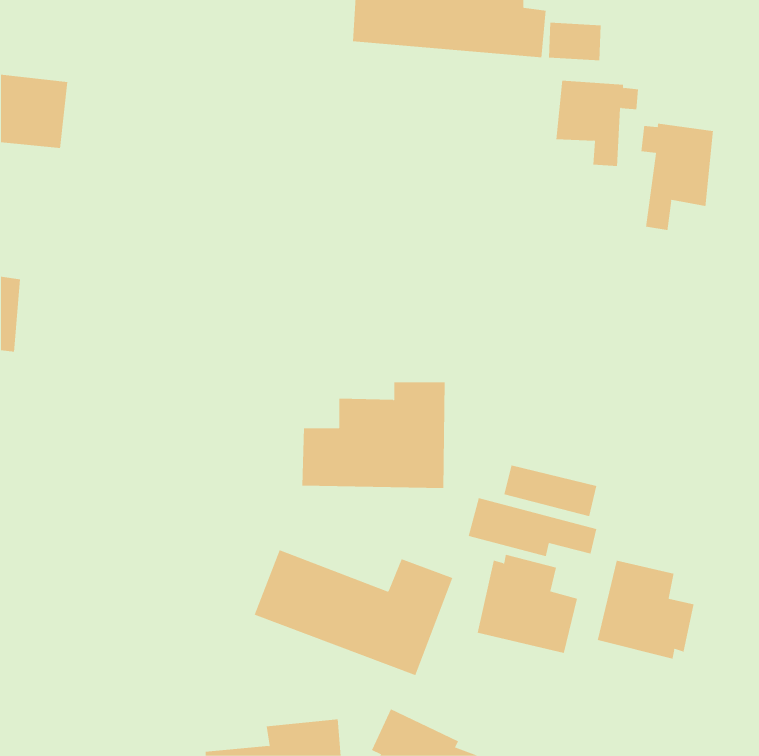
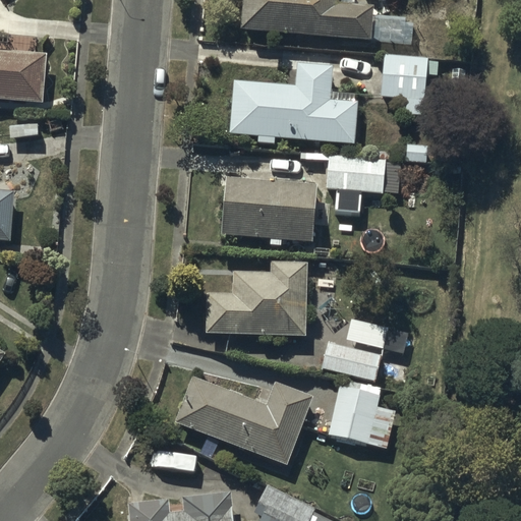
building: none -> [229,64,357,144]
building: [641,123,714,231] -> none
building: none -> [326,156,386,193]
building: none -> [222,177,316,244]
building: [597,560,694,659] -> none

